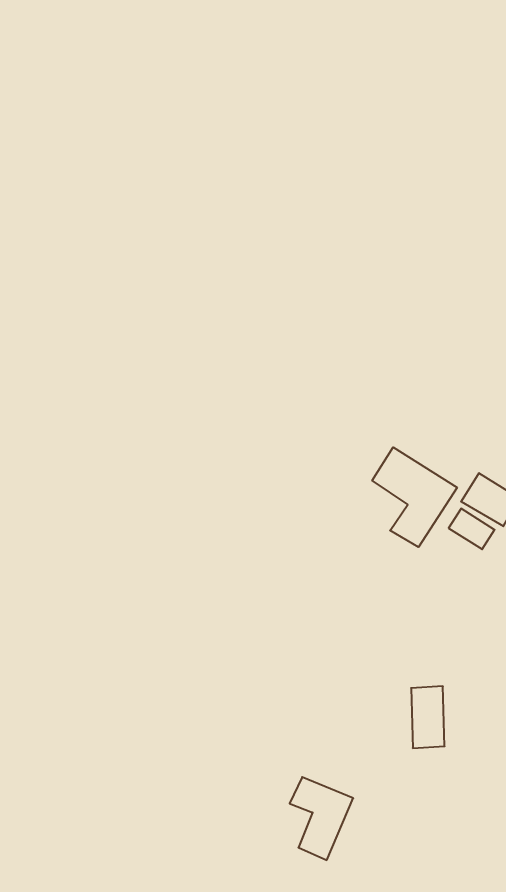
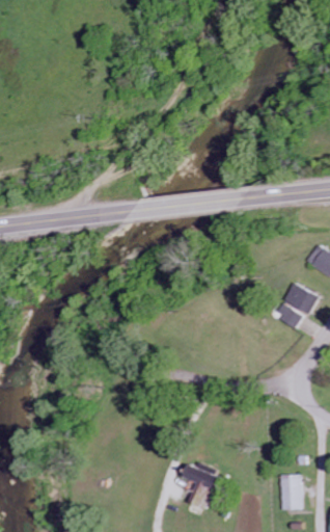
building: [372,447,457,547] -> none
building: [411,686,445,748] -> [279,475,299,511]

